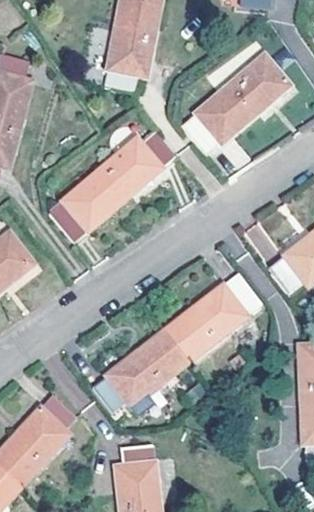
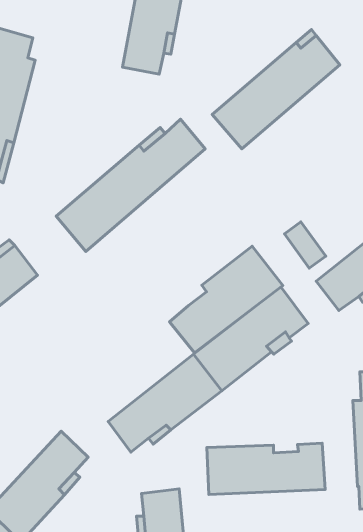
building: none -> [170,246,283,353]
building: none -> [207,443,325,495]

